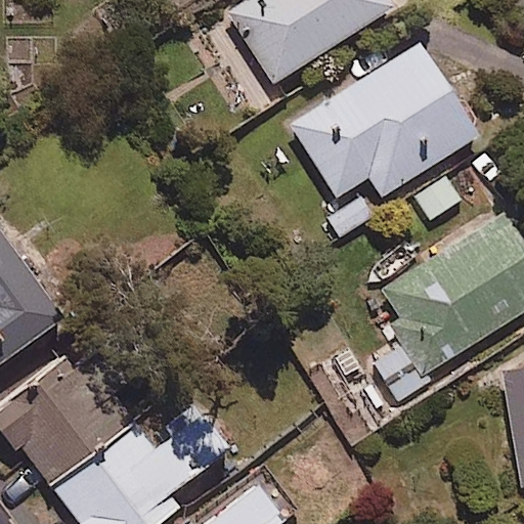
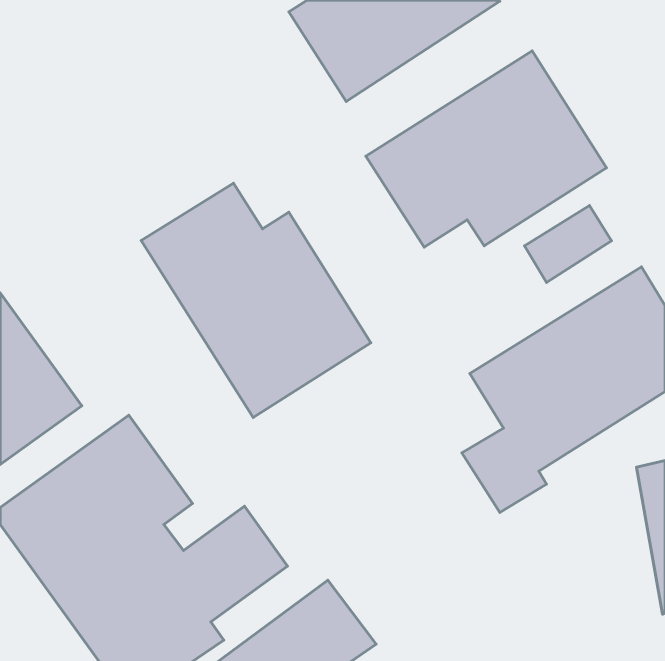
building: none -> [141,183,371,417]

